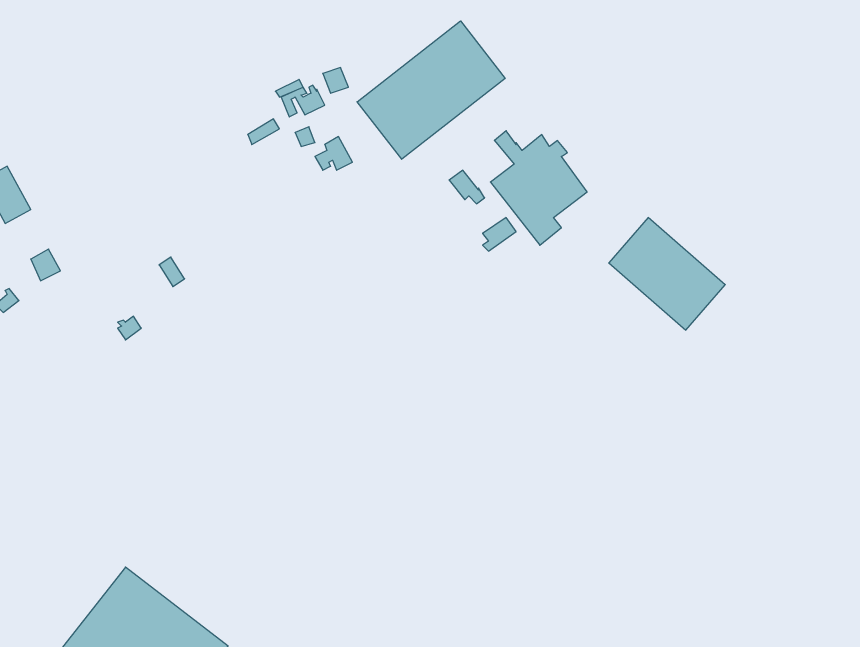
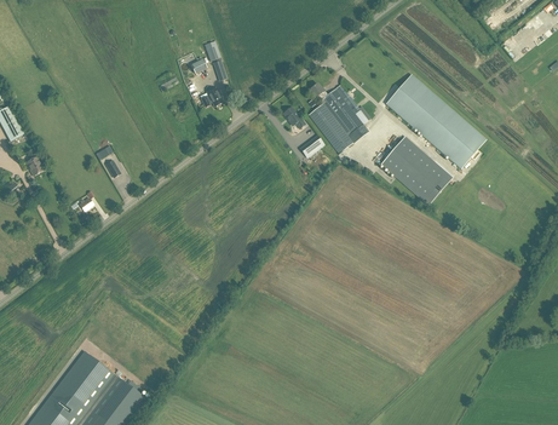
building: [357,21,505,159] -> none
building: none -> [385,74,487,170]

